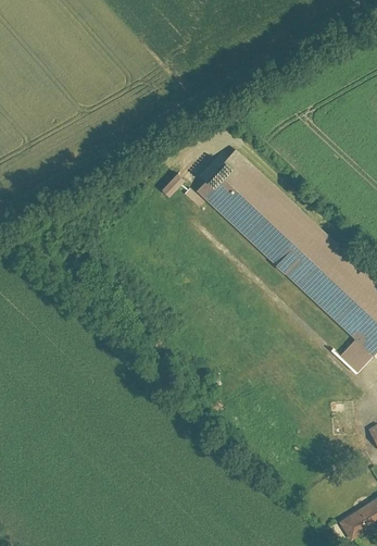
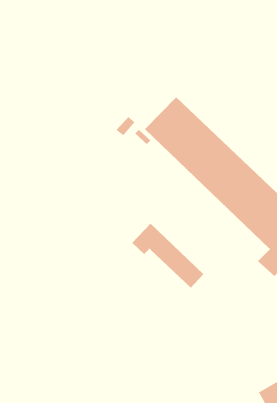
building: none -> [131,223,204,289]

